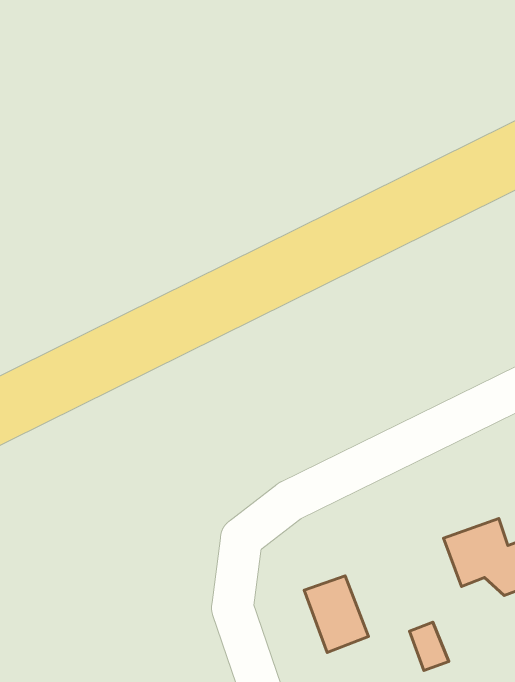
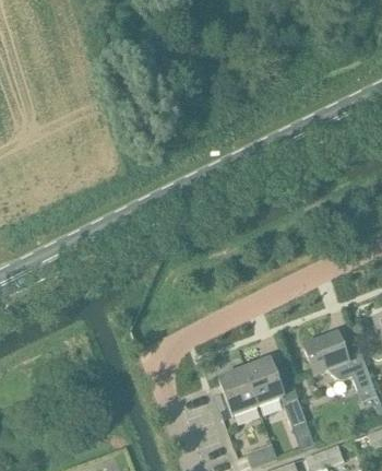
building: none -> [243,357,283,404]

